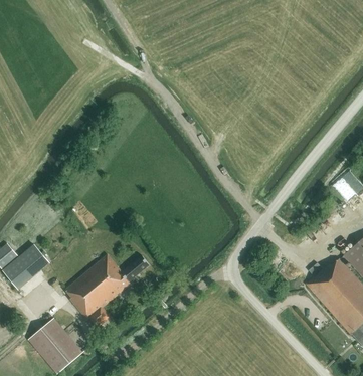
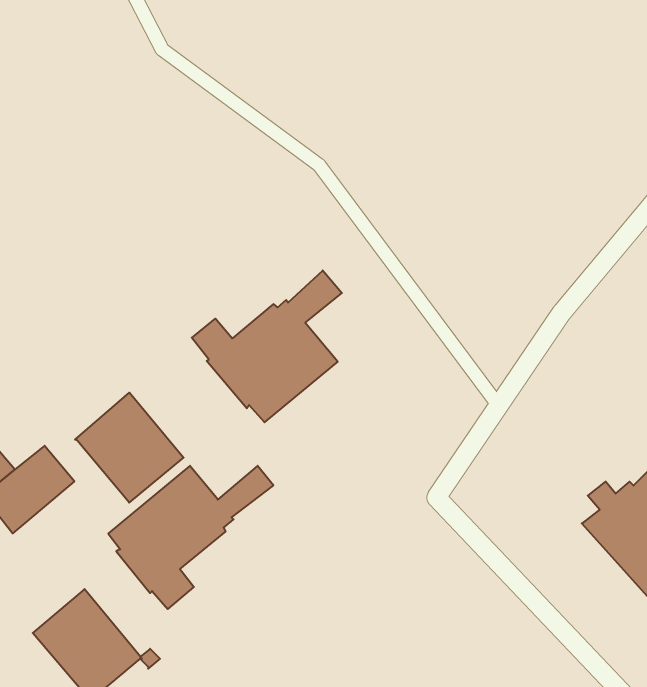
building: none -> [192,270,342,422]
building: none -> [75,393,184,503]

